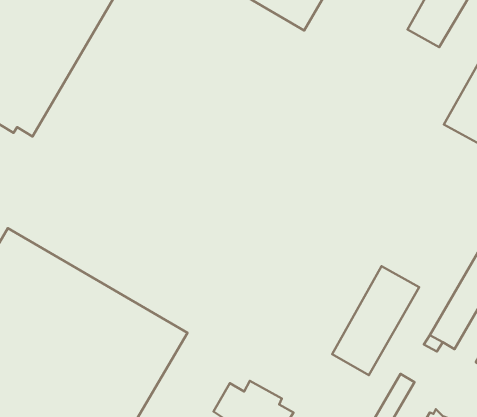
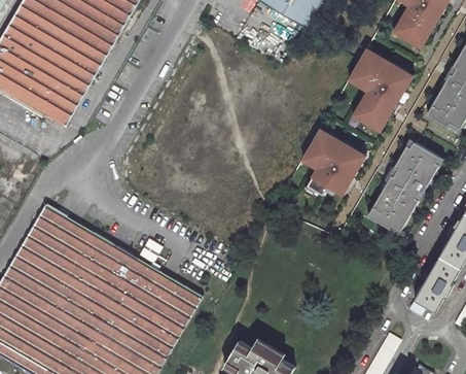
building: none -> [350,49,413,132]
building: none -> [300,128,366,195]
building: [332,266,419,375] -> [365,139,441,235]

